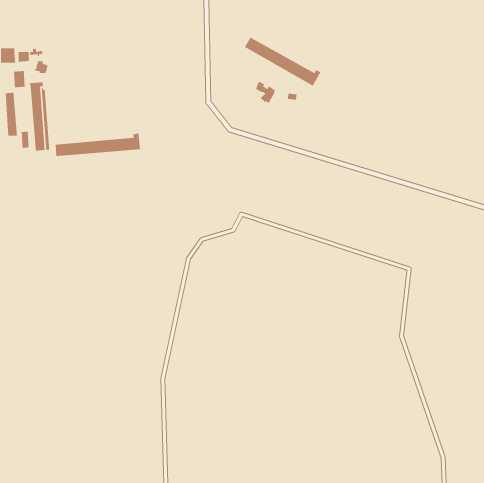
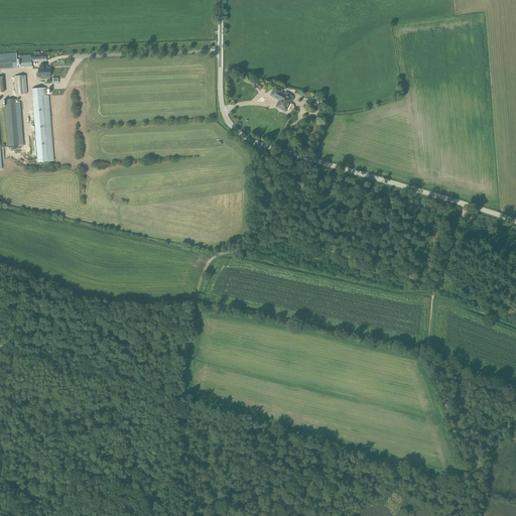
building: [244,36,321,87] -> none
building: [55,133,141,157] -> none

